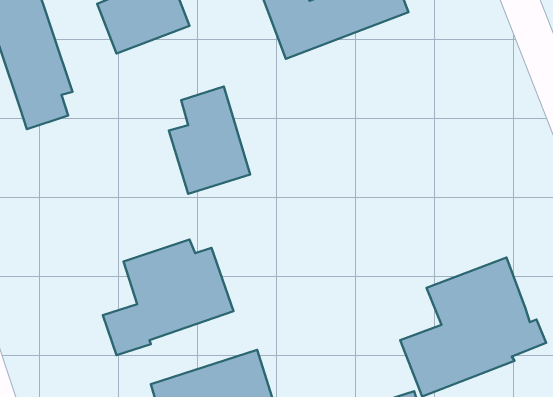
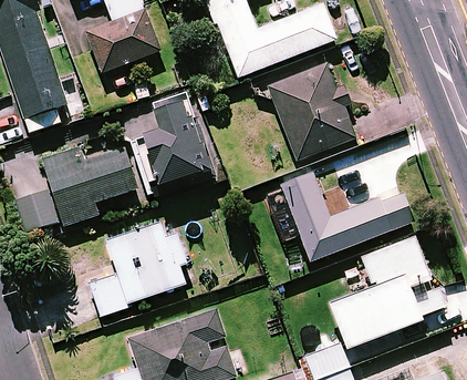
building: none -> [267,62,357,160]
building: none -> [15,146,136,230]
building: none -> [280,175,411,261]

